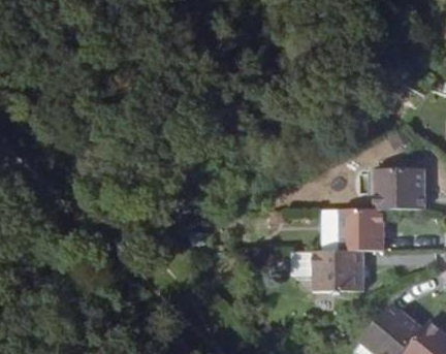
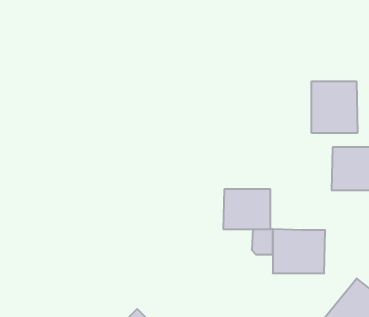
building: none -> [312,81,357,133]
building: [340,212,386,251] -> [223,189,270,229]

